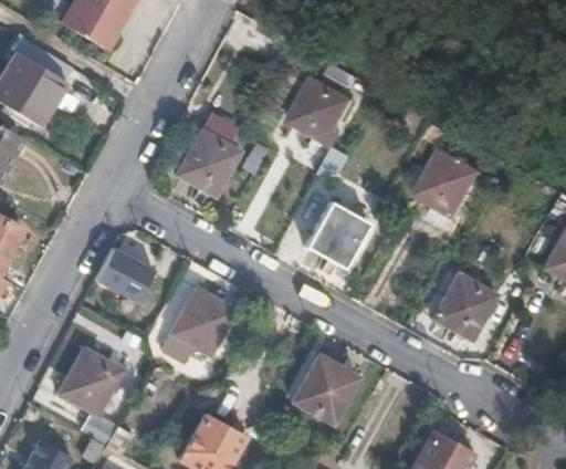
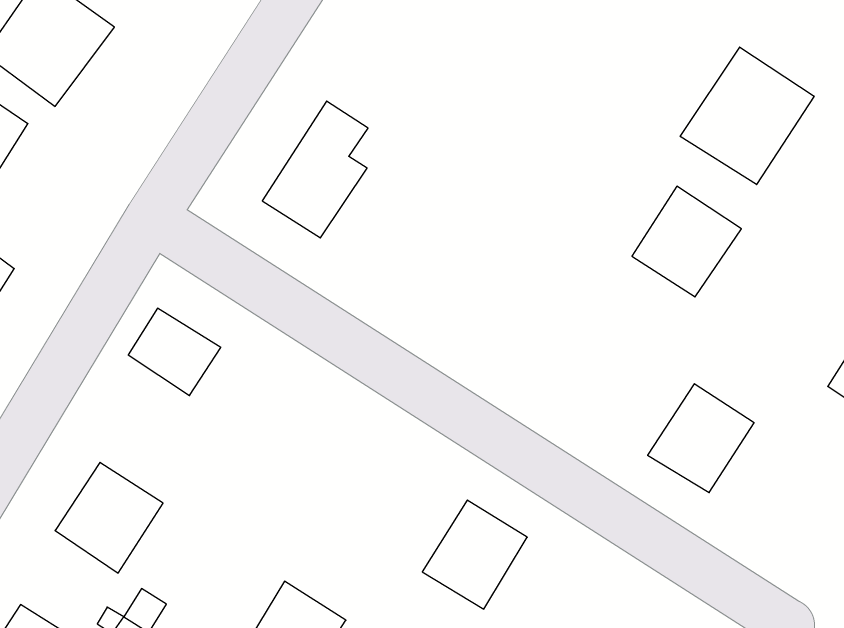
building: none -> [680,47,814,185]
building: [287,76,354,145] -> none
building: [304,199,369,268] -> none
building: [163,286,237,364] -> none

